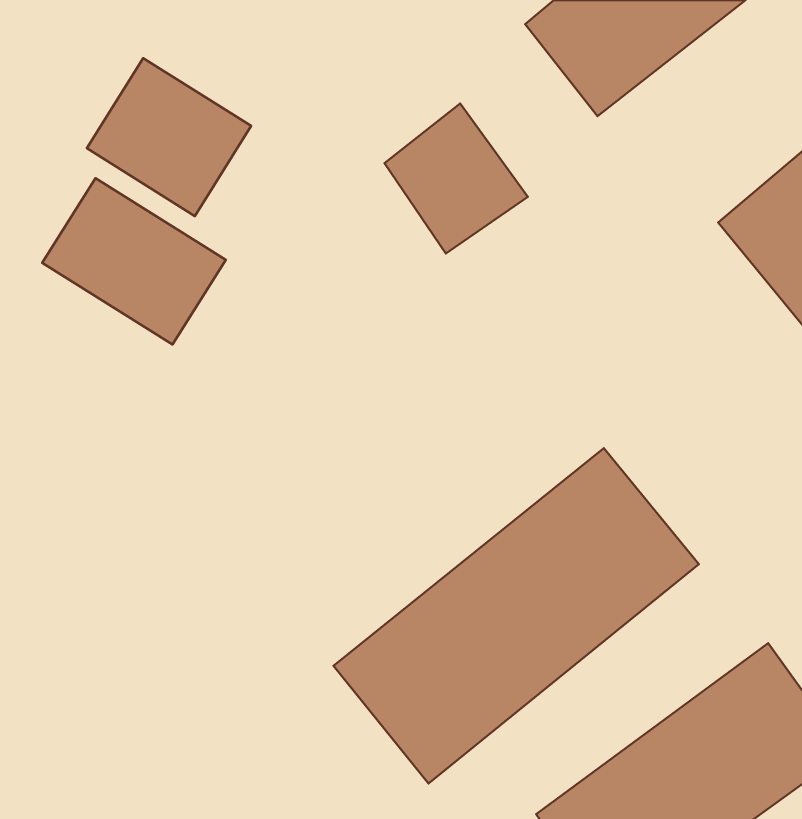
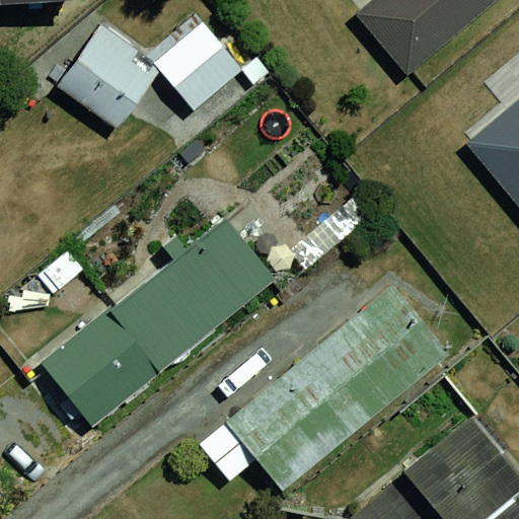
building: [385,103,528,253] -> [157,15,247,109]
building: [42,178,226,345] -> none
building: none -> [40,214,281,419]

